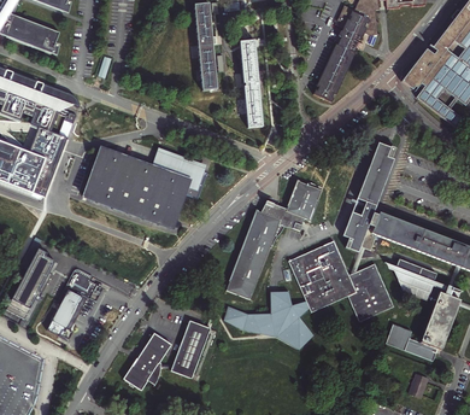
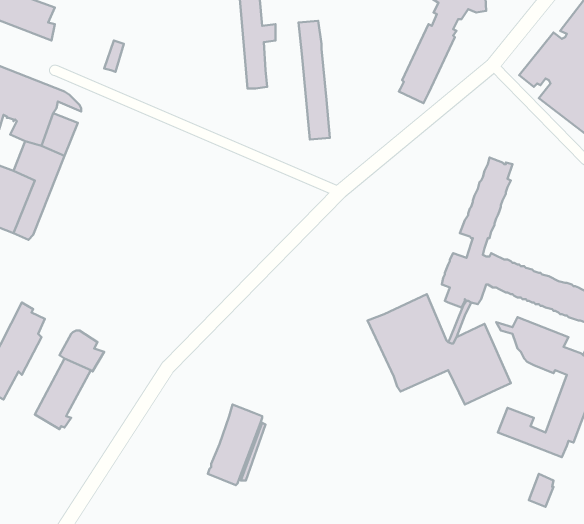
building: [83,148,206,227] -> none
building: [227,180,321,298] -> none
building: [225,291,316,347] -> none
building: [125,333,174,390] -> none

